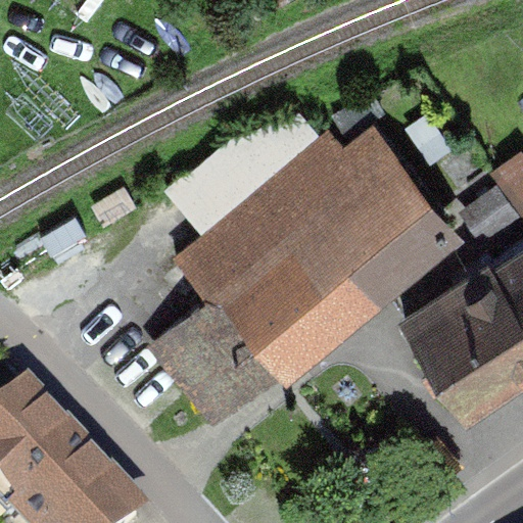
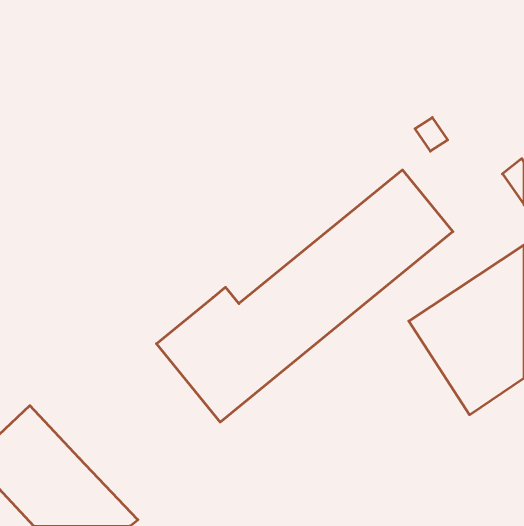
building: [183,143,399,301] -> none

